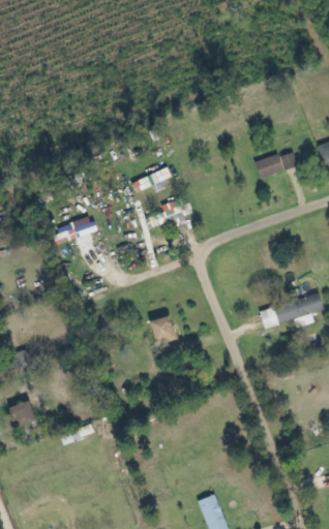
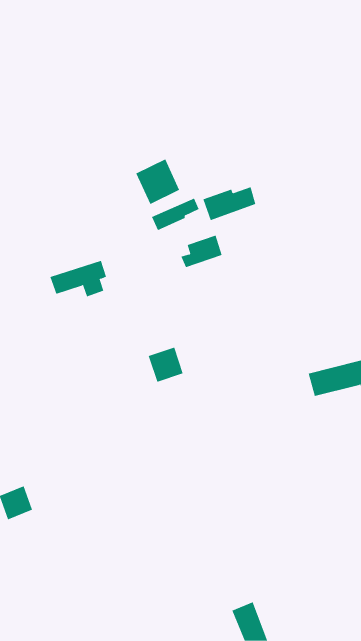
building: none -> [136,158,180,205]
building: [253,151,297,179] -> [203,186,256,221]
building: [148,314,177,343] -> [148,347,184,383]

